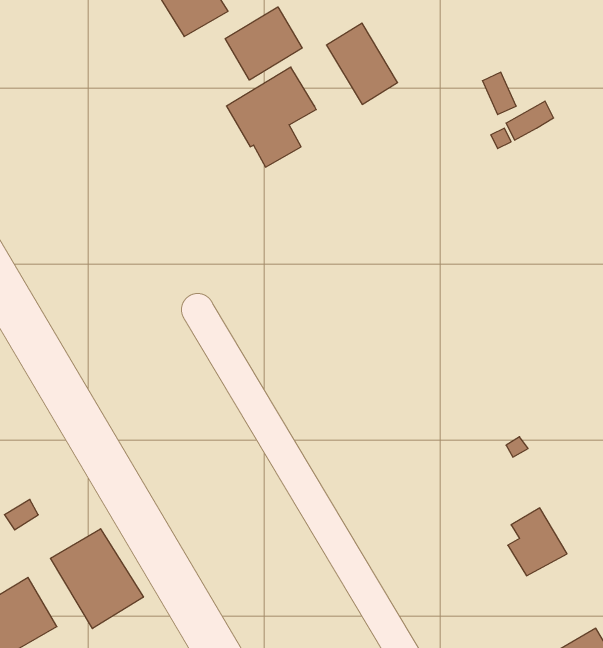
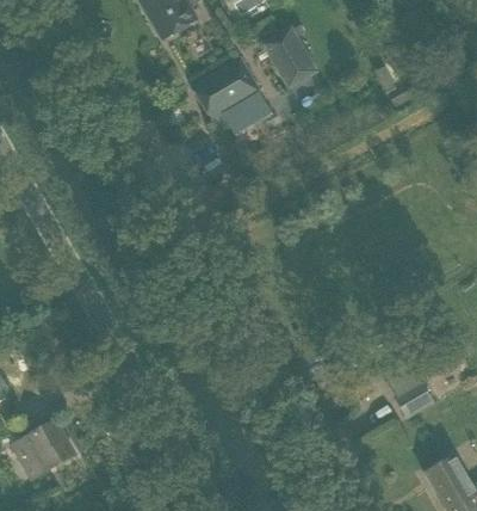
building: [225,7,302,80] -> none
building: [50,529,143,629] -> none

